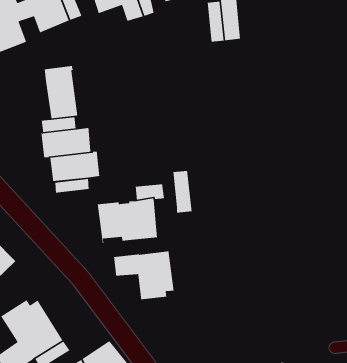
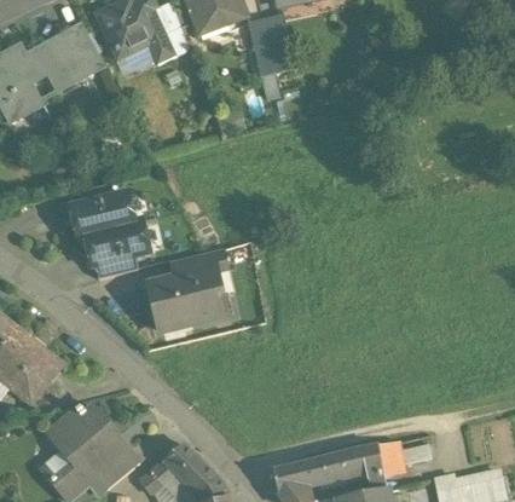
building: [44,65,78,119] -> none
building: [173,170,192,213] -> none
building: [113,250,174,300] -> none

